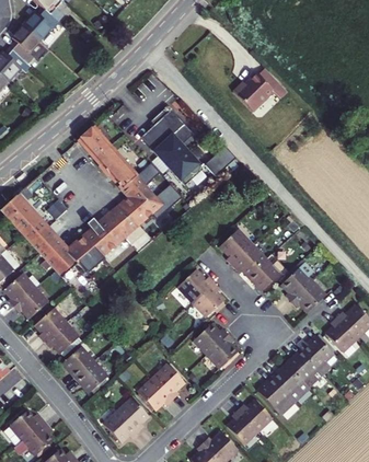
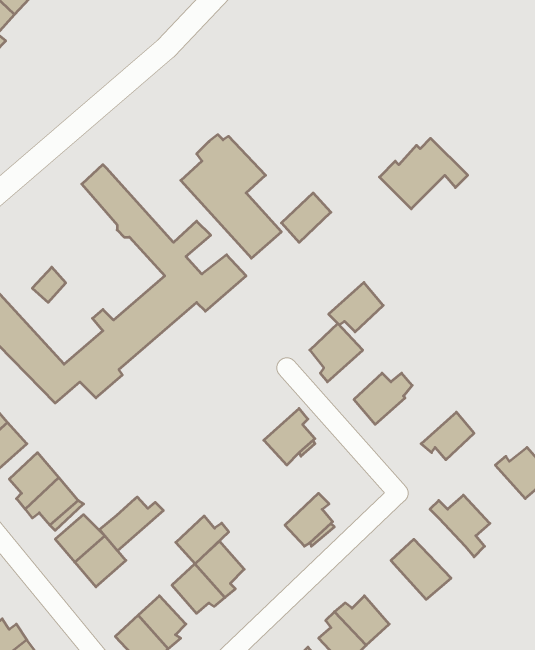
building: [235,65,290,108] -> [379,138,468,209]
building: [233,245,267,276] -> [329,282,383,332]
building: [279,261,314,303] -> none
building: [180,268,216,301] -> none
building: [325,316,356,351] -> none
building: [195,324,228,354] -> [176,516,229,564]
building: none -> [100,497,163,551]
building: [287,349,324,386] -> none
building: [257,376,295,413] -> none

